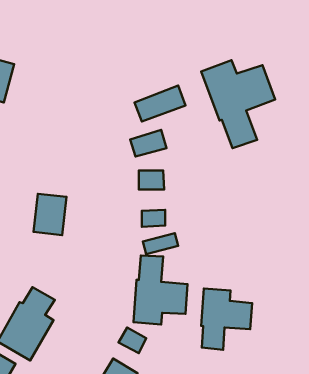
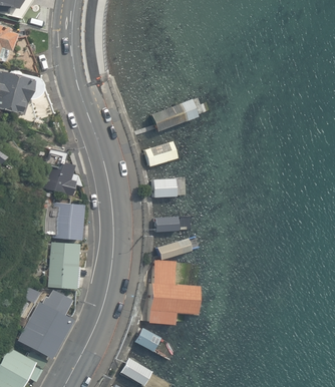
building: [201,60,275,148] -> none
building: none -> [43,162,78,196]
building: none -> [48,243,78,290]
building: [201,289,252,350] -> none

